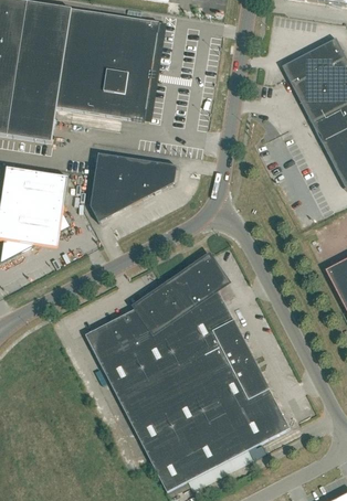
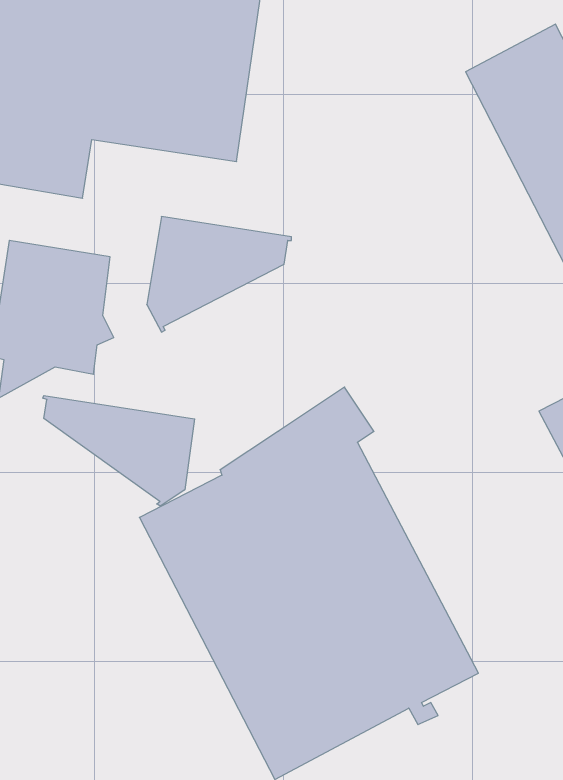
building: none -> [43,396,195,506]

